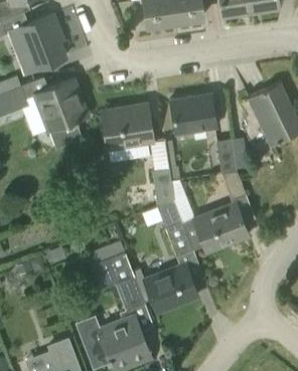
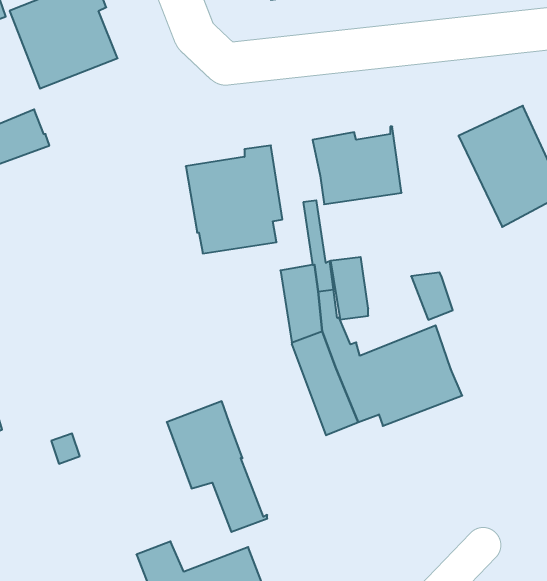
building: [33,79,88,148] -> none
building: [216,140,237,173] -> [330,257,368,320]
building: [131,264,198,309] -> none

